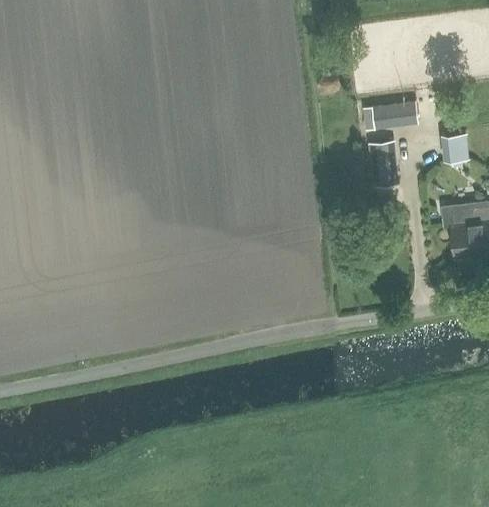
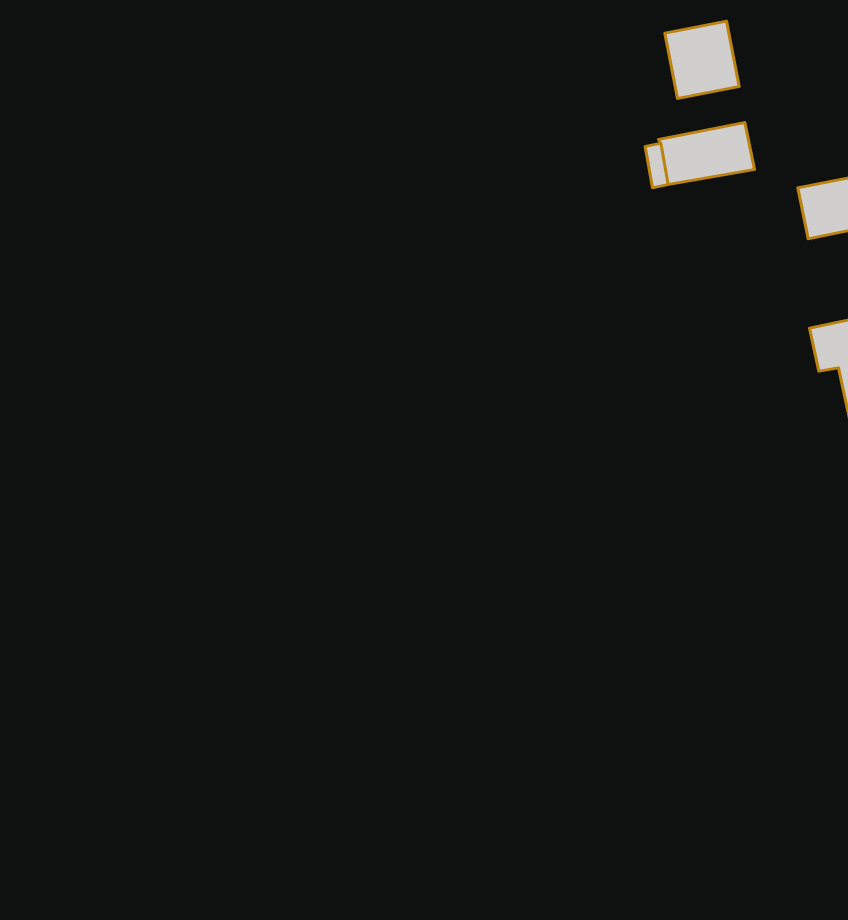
building: none -> [665,21,739,99]
building: [370,141,398,188] -> none

